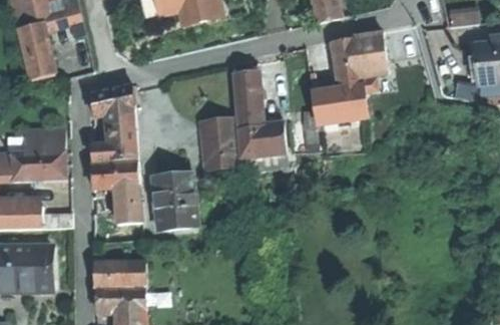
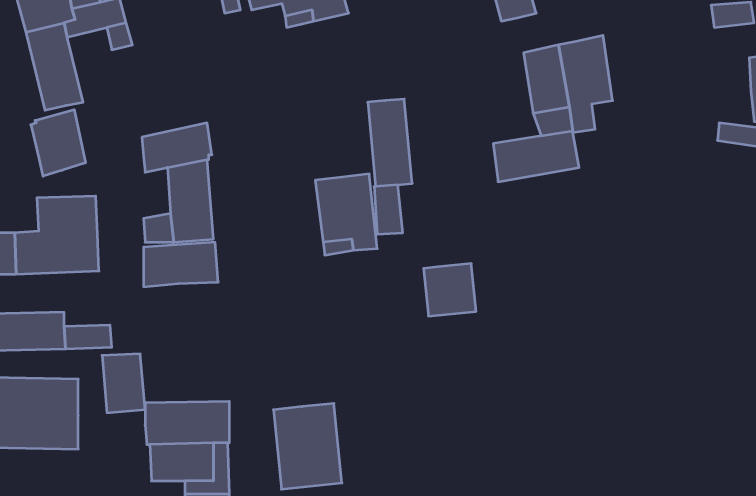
building: none -> [31,110,85,176]
building: [253,121,286,154] -> [424,264,476,316]
building: [152,175,195,229] -> [273,403,342,489]
building: [114,186,141,223] -> [102,354,145,413]

